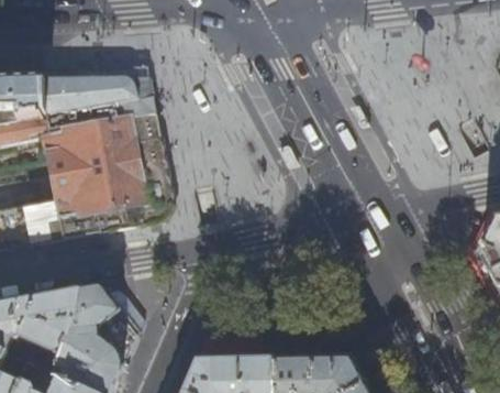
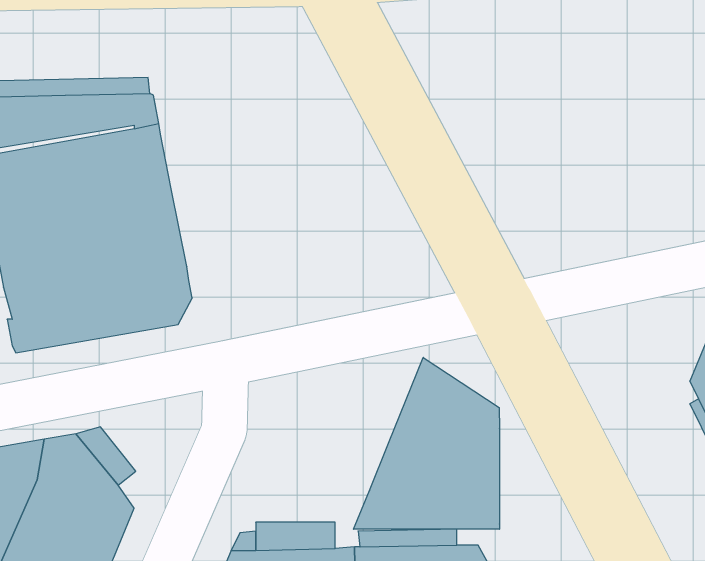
building: none -> [354,357,499,529]

